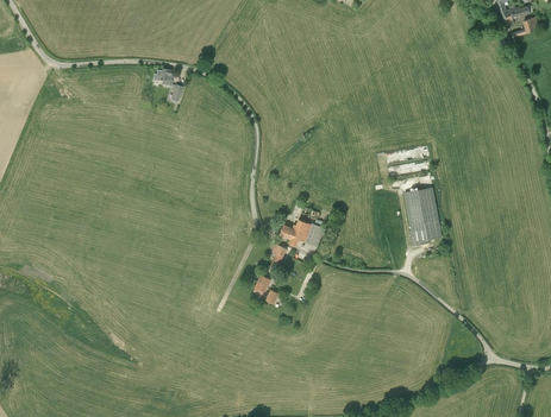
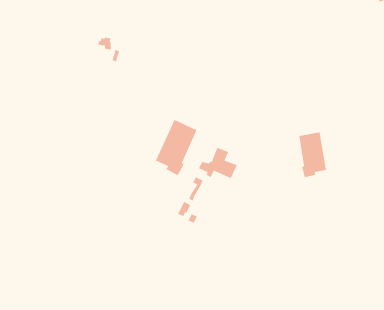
building: none -> [155,119,198,176]

